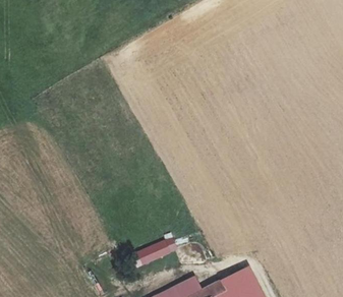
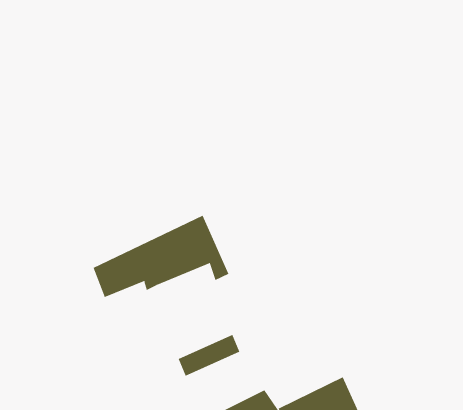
building: none -> [93,215,229,298]

